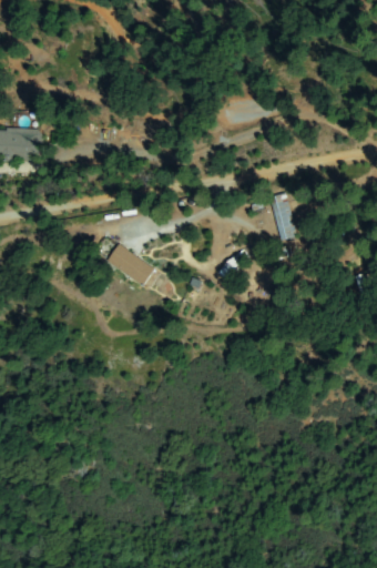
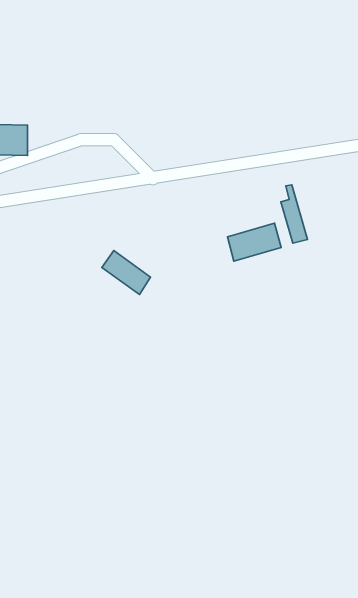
building: none -> [227,223,281,261]

